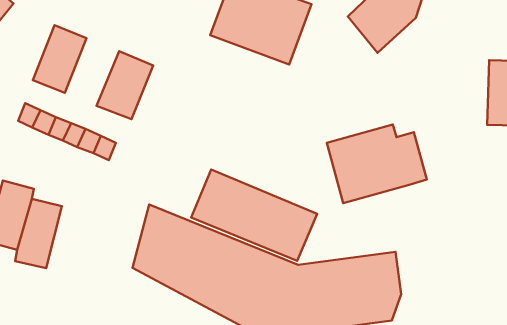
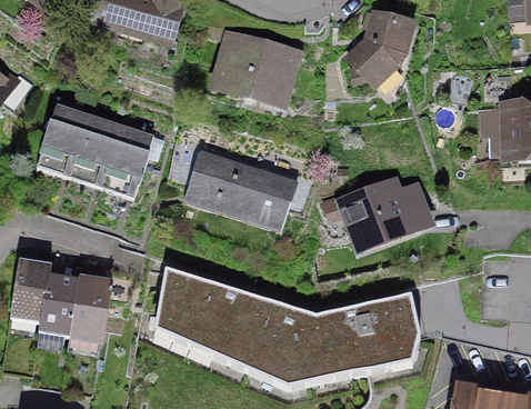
building: none -> [73,108,123,173]
building: [191,169,317,261] -> [183,156,307,238]
building: none -> [70,275,112,342]

